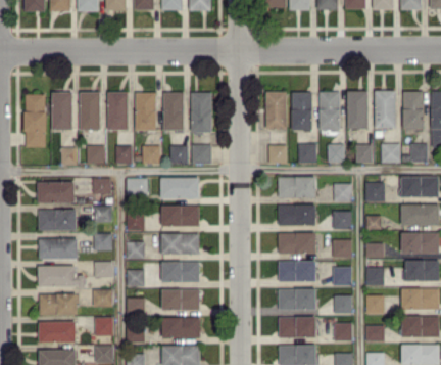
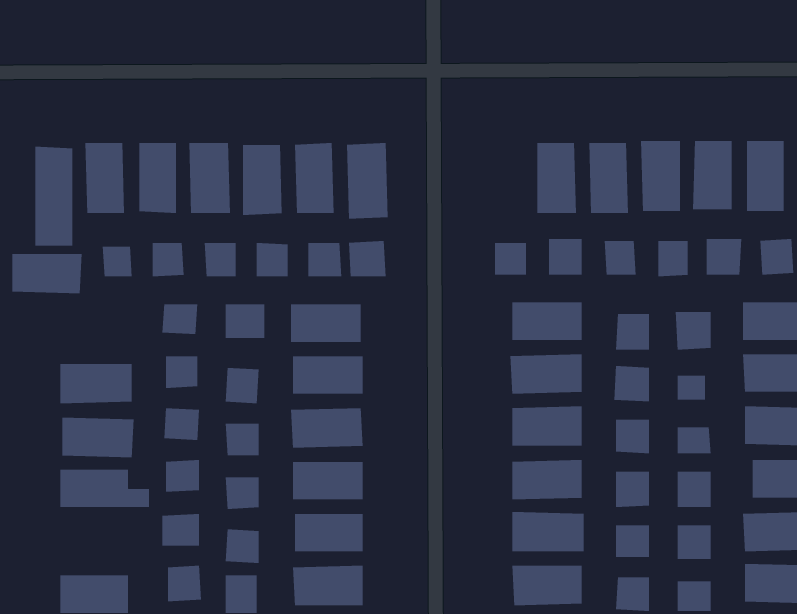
building: [265,91,286,129] -> none
building: [37,182,75,203] -> [11,253,82,294]
building: [39,293,77,316] -> none

